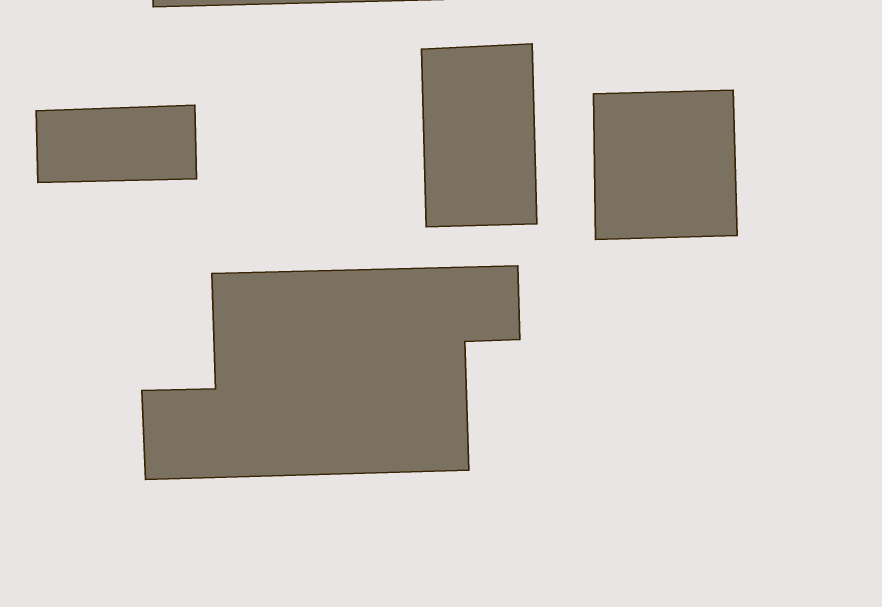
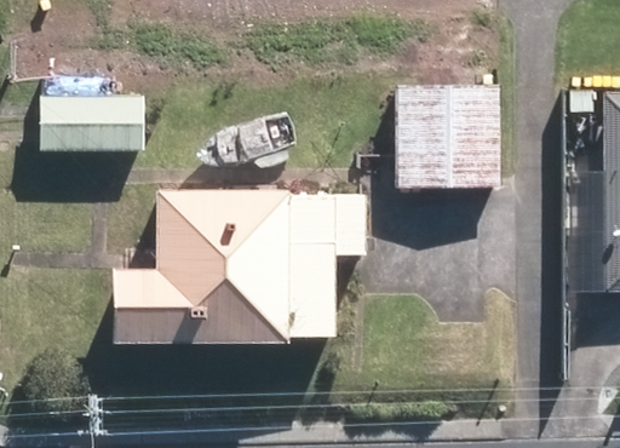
building: [422,44,537,227] -> none

